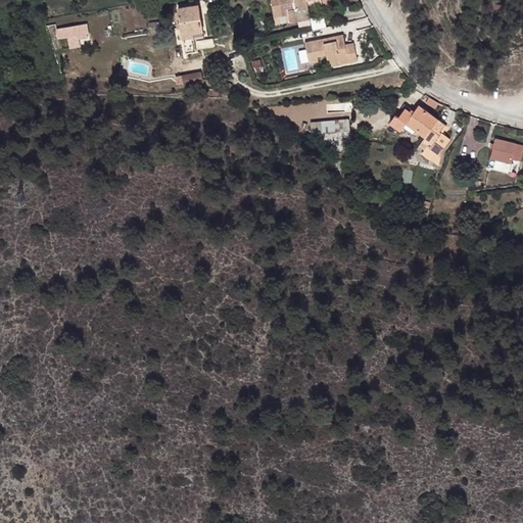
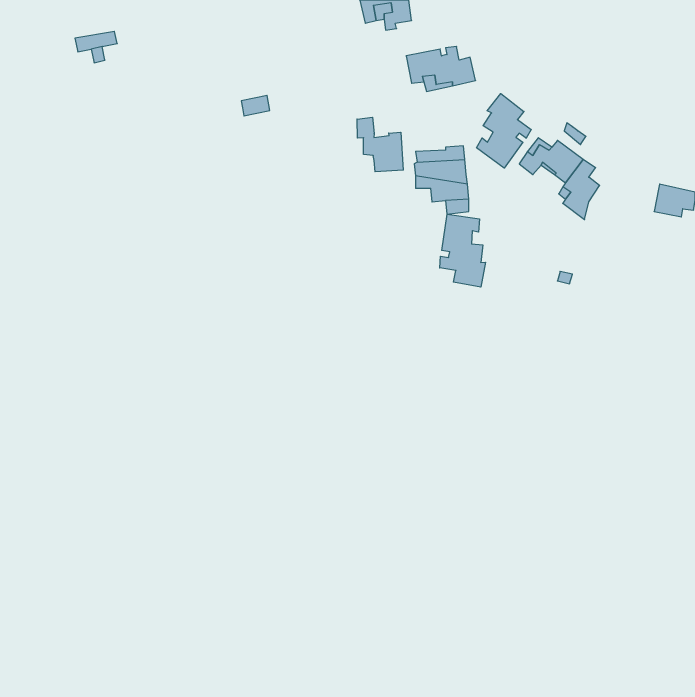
building: [178,5,201,39] -> none
building: none -> [477,94,531,168]
building: none -> [357,117,403,172]
building: none -> [440,214,485,287]

